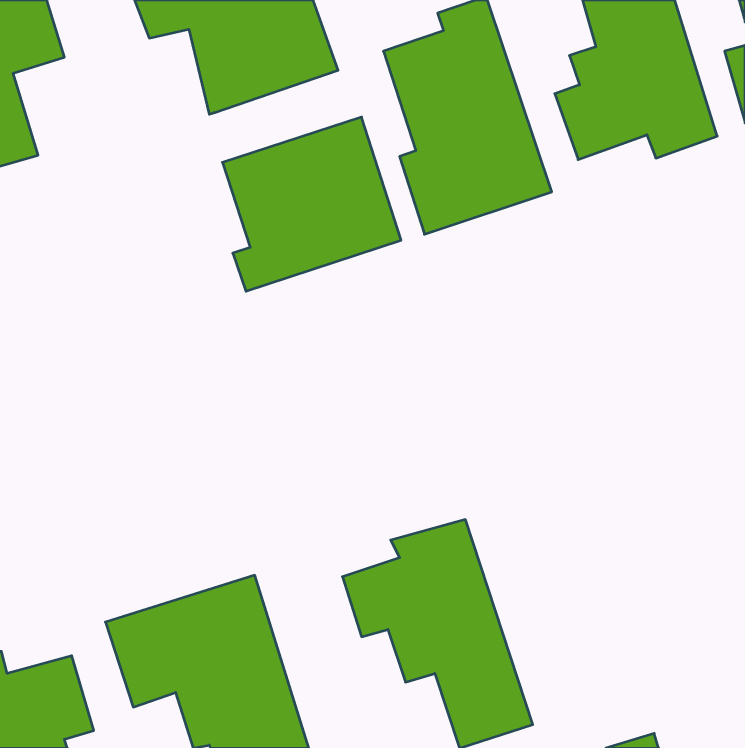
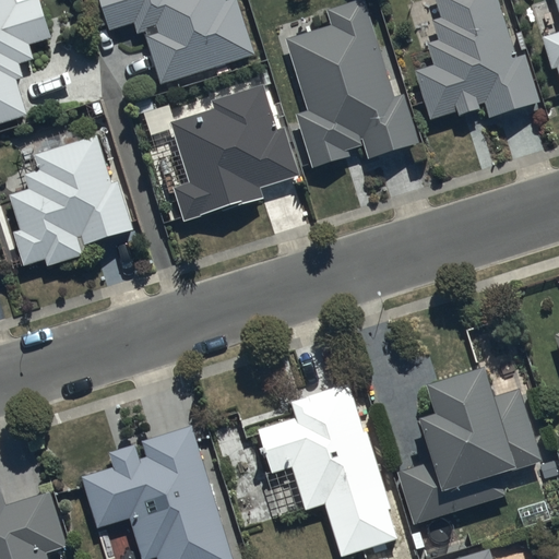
building: none -> [5,134,130,265]
building: none -> [401,369,545,523]

